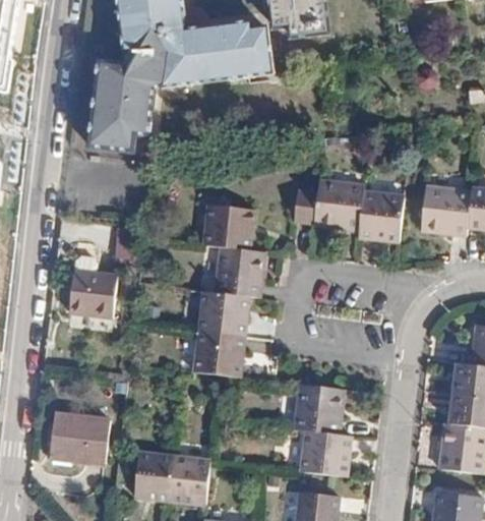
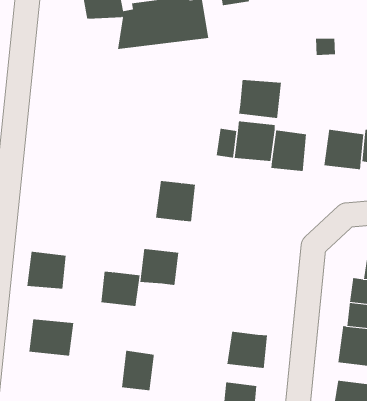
building: [93,46,172,148] -> none
building: none -> [238,79,282,119]
building: [201,205,249,249] -> none
building: [71,270,120,316] -> [27,251,66,289]
building: [198,291,247,335] -> [101,271,140,307]
building: [293,382,344,436] -> none
building: [134,451,176,501] -> none

